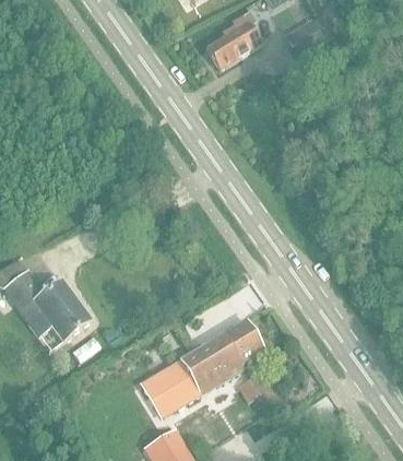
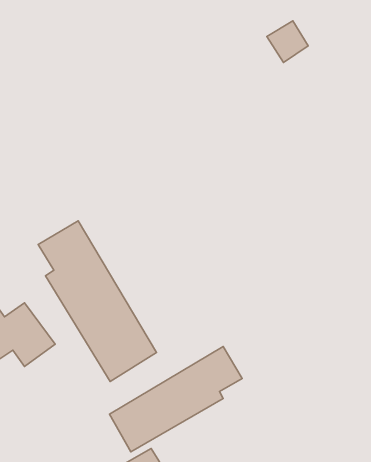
building: [206,11,262,70] -> none
building: none -> [38,221,156,381]

